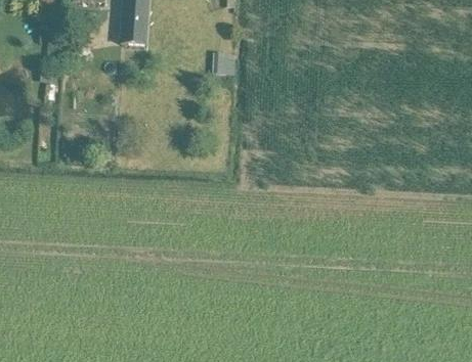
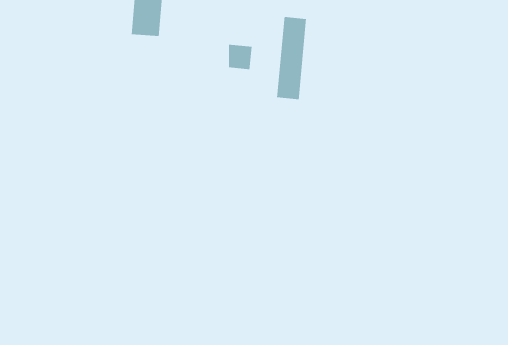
building: none -> [277,16,307,100]

